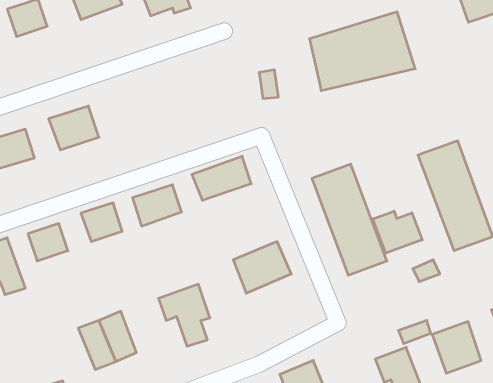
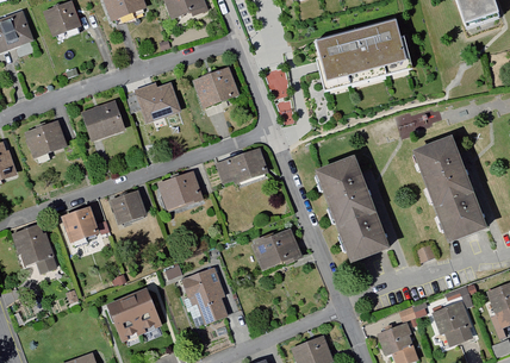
building: none -> [189,68,237,109]
building: none -> [135,83,179,125]
building: [373,211,422,253] -> none

